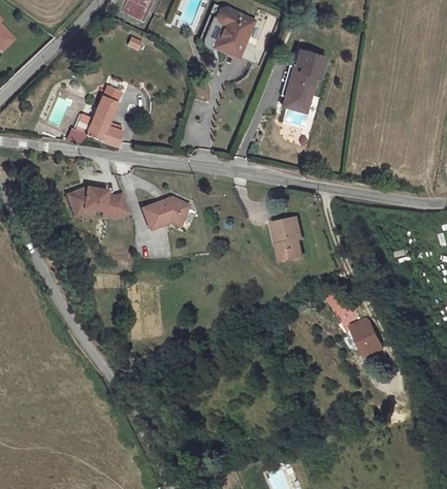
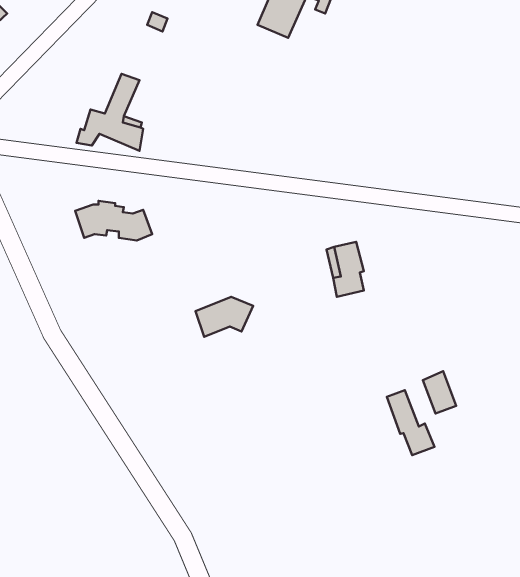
building: [285,48,327,111] -> none
building: [142,197,189,229] -> [195,297,253,337]
building: none -> [387,390,434,455]

